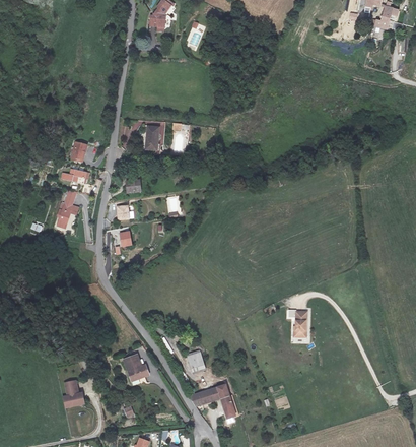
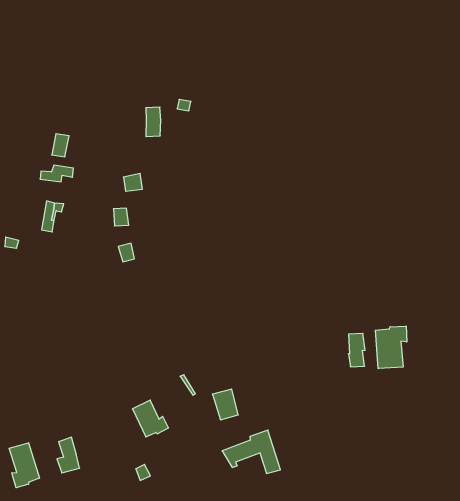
building: none -> [375,326,407,369]
building: none -> [9,443,39,488]

